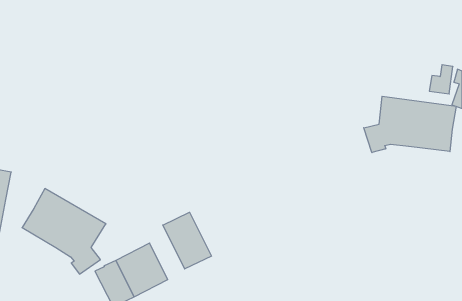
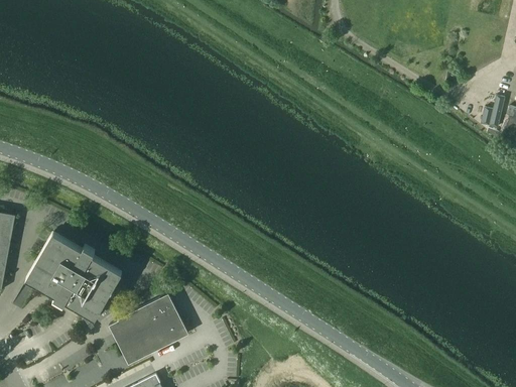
building: [364,96,456,153] -> none
building: [163,212,211,269] -> none

